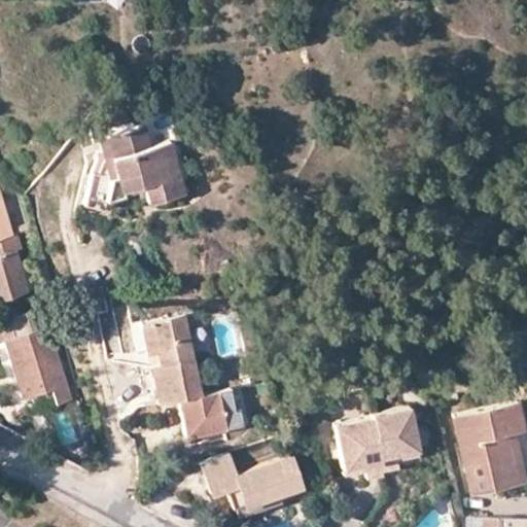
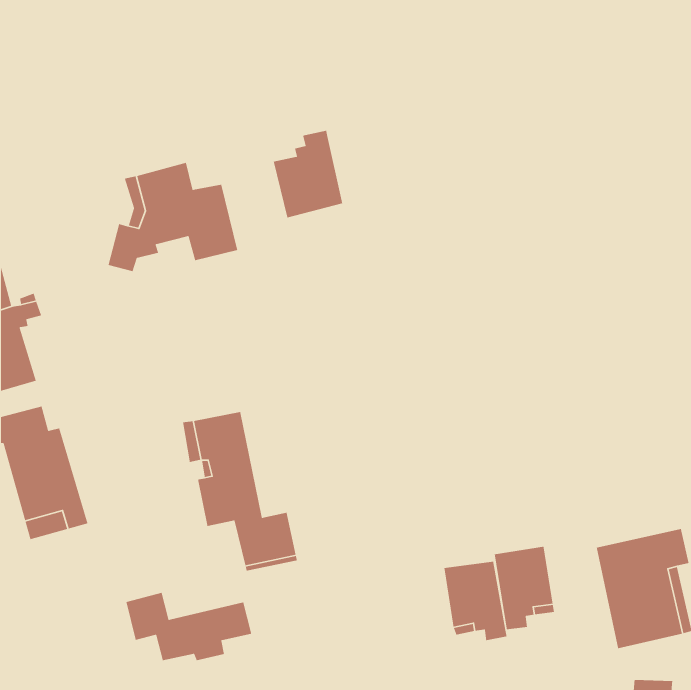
building: none -> [273,130,343,219]
building: [204,454,300,506] -> [126,592,252,661]

